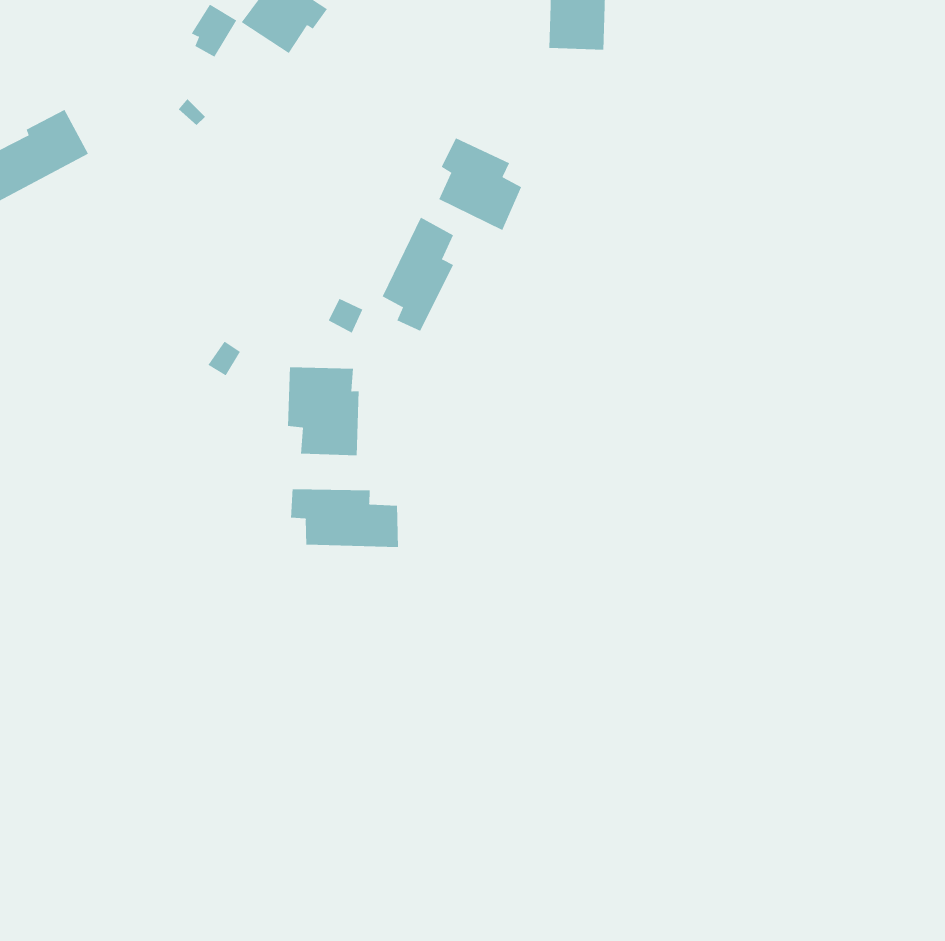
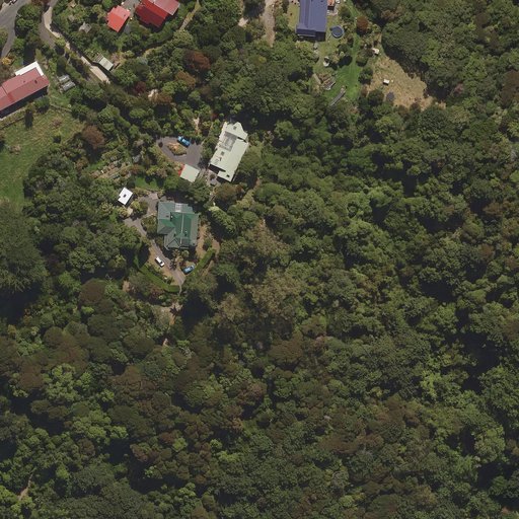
building: [438,137,522,231] -> none
building: [291,488,398,548] -> none

